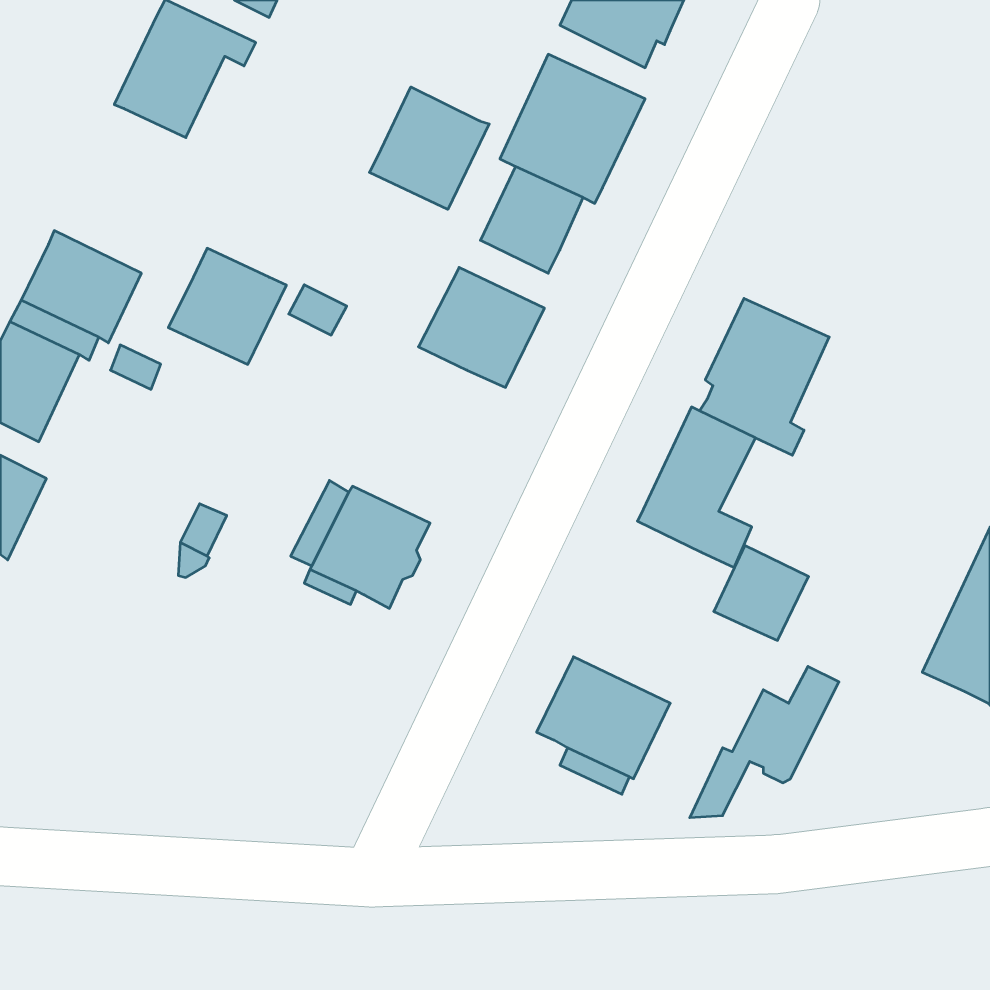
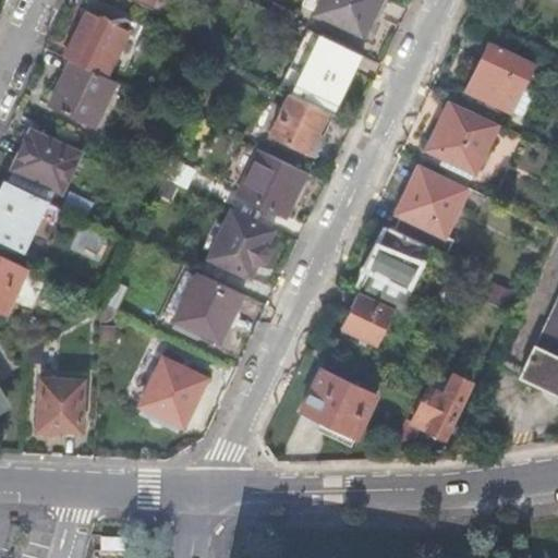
building: none -> [468,41,535,117]
building: [369,87,489,209] -> none
building: none -> [426,100,499,180]
building: [168,248,286,364] -> [48,61,114,126]
building: none -> [207,210,272,278]
building: [714,546,809,640] -> [341,293,395,347]
building: none -> [140,360,205,432]
building: none -> [37,377,84,432]

